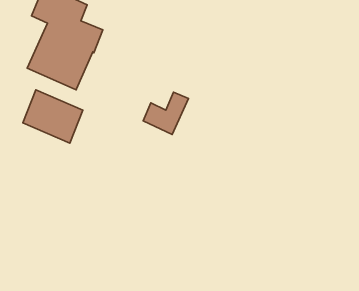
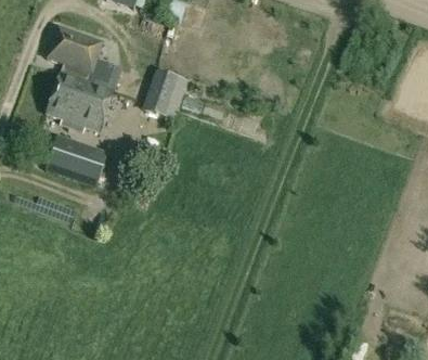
building: [143,92,188,135] -> [141,76,186,120]

